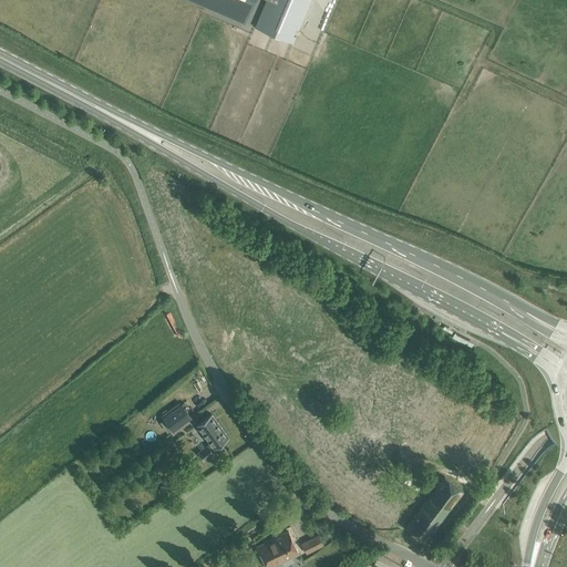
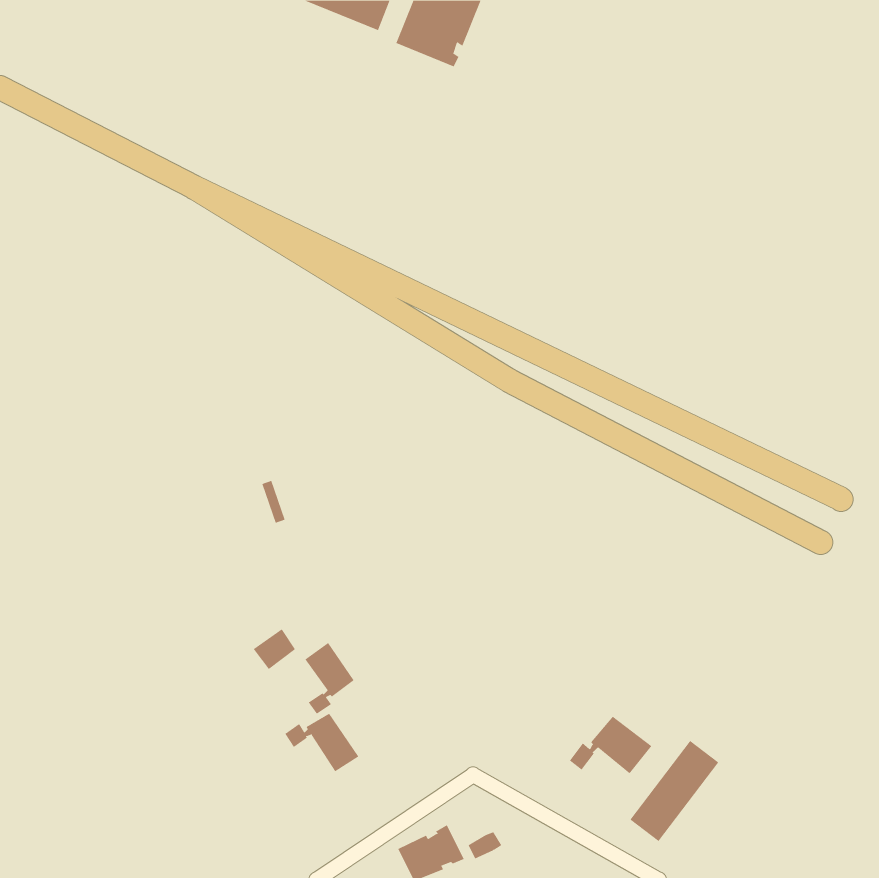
building: none -> [285,713,359,772]
building: none -> [569,716,652,774]

